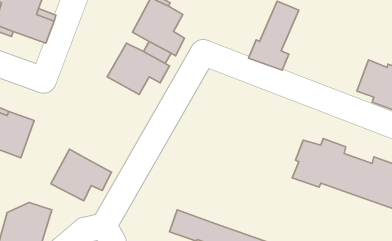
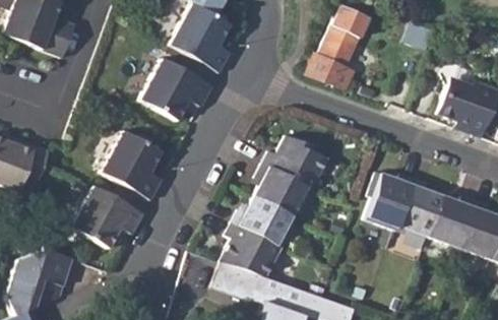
building: none -> [100,128,162,210]
building: none -> [222,133,329,274]

